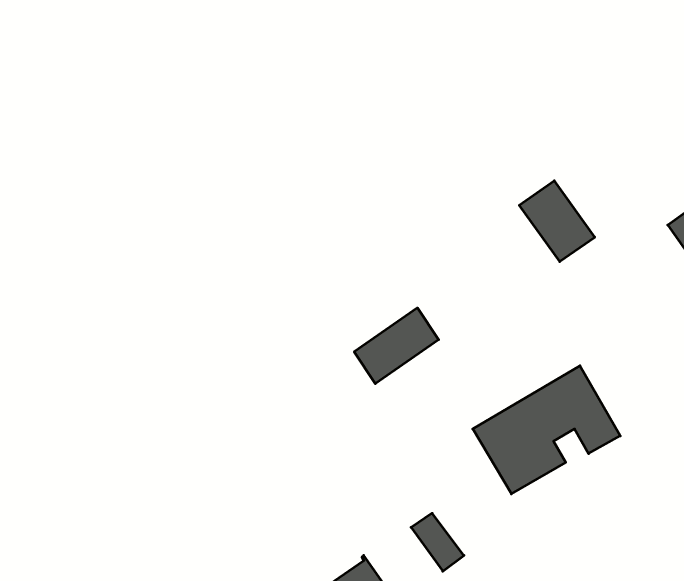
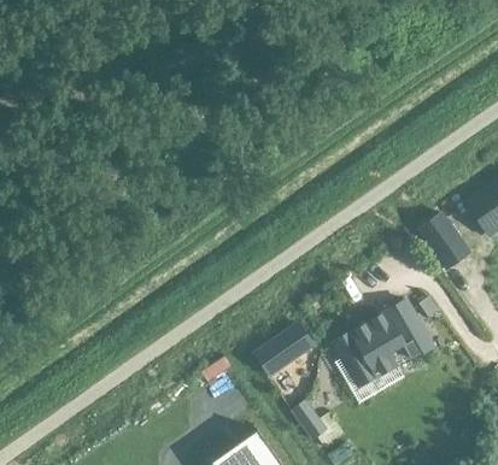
building: [519,181,595,262] -> [418,213,470,269]
building: [354,308,439,384] -> [256,323,314,375]

